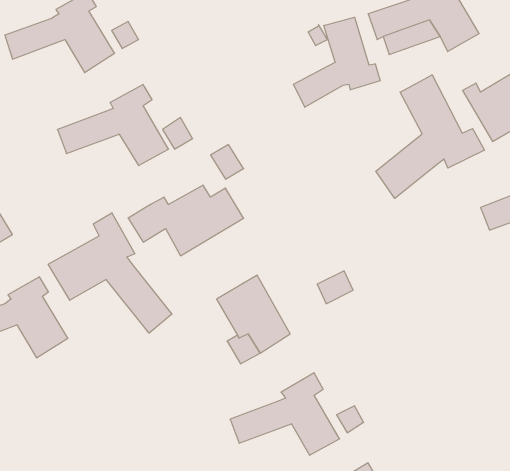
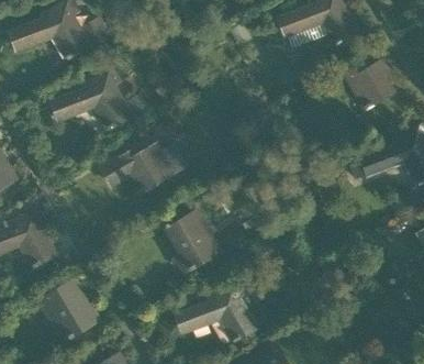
building: [294,17,380,107] -> none
building: [376,75,484,198] -> none
building: [48,213,172,333] -> none
building: none -> [43,279,97,341]

